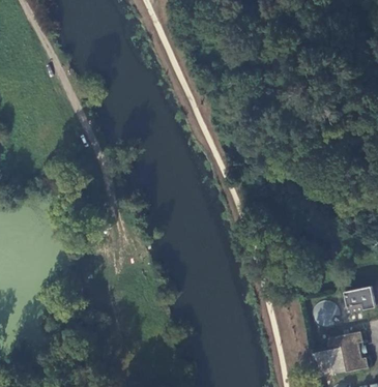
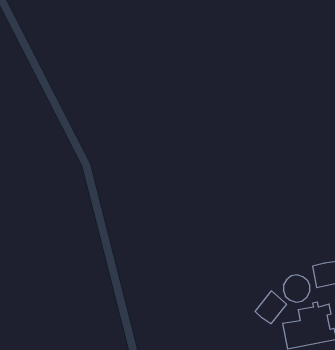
building: none -> [255,291,287,324]

